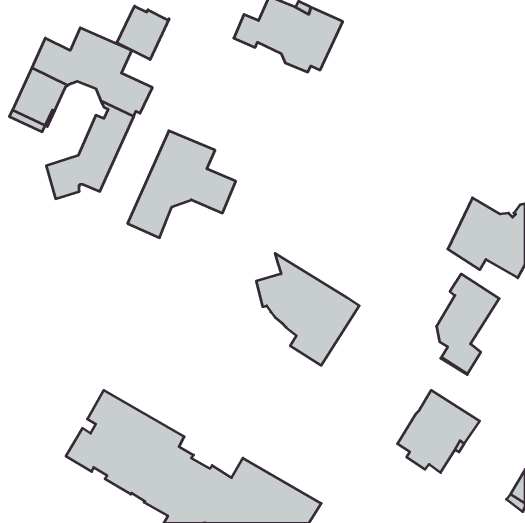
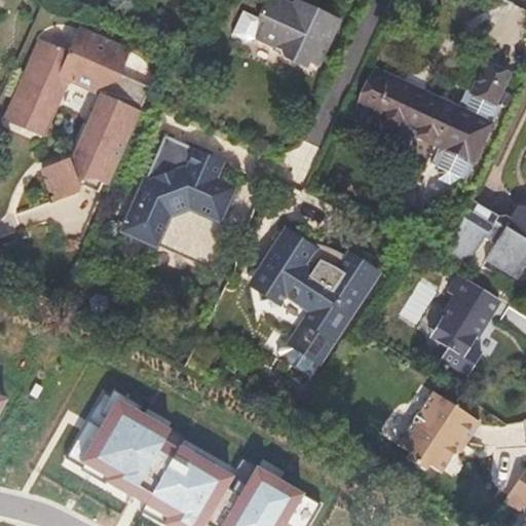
building: [117,6,169,60] -> none
building: none -> [361,67,508,183]
building: none -> [272,213,378,305]

